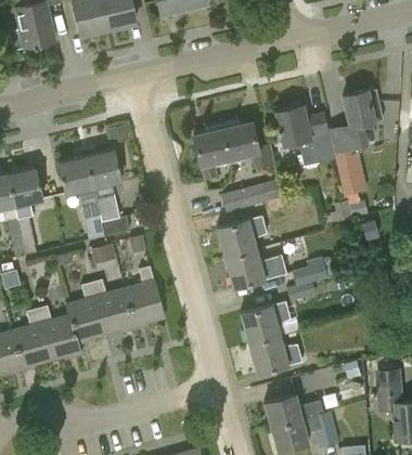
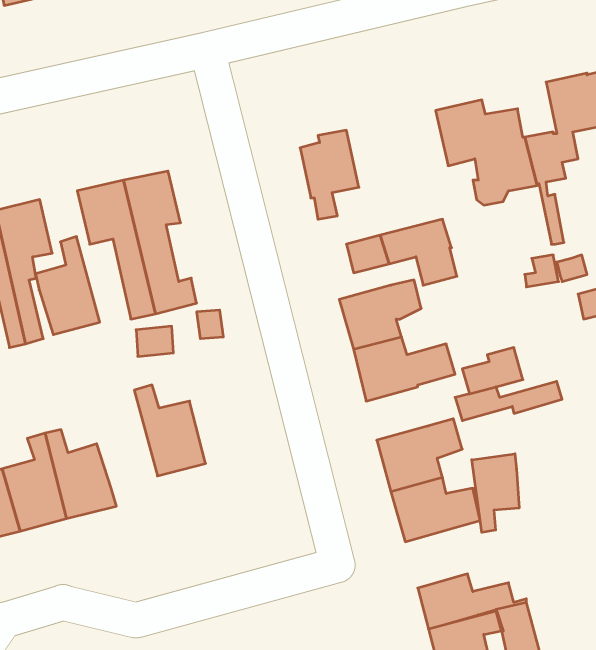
building: [221,120,275,169] -> none
building: [126,266,165,327] -> none
building: [67,283,106,342] -> [35,237,100,335]
building: none -> [472,454,519,532]

